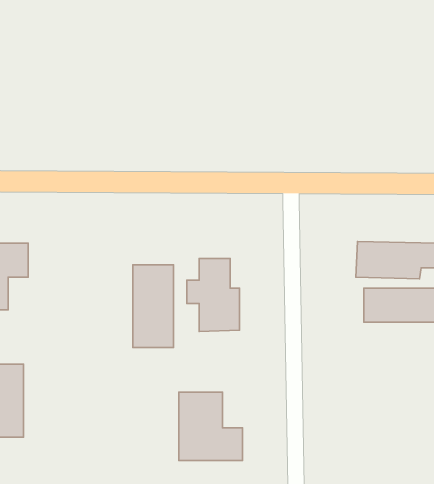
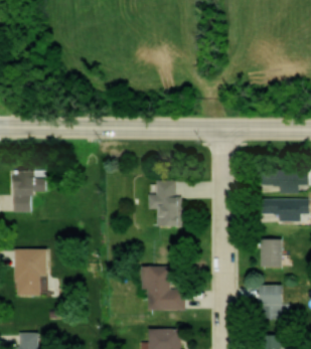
building: [133,265,174,348] -> none
building: none -> [260,239,282,268]
building: none -> [262,286,283,317]

